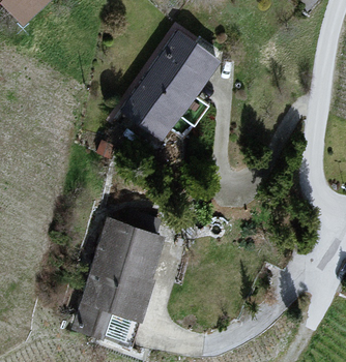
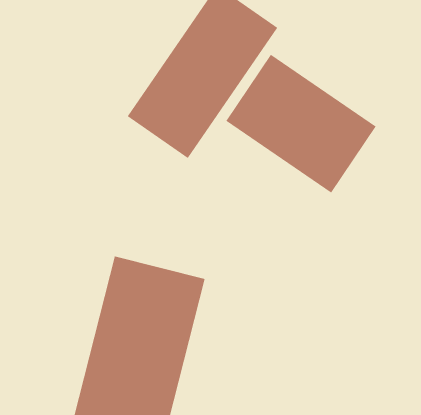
building: none -> [225,54,377,194]

